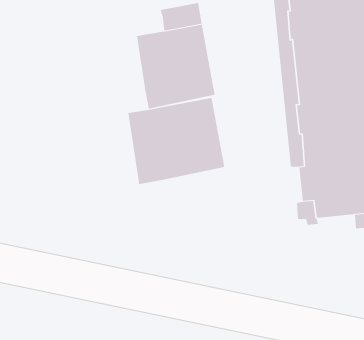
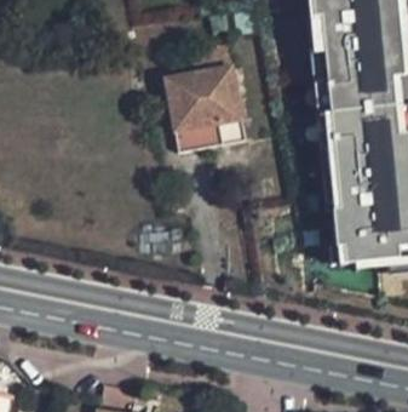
building: [128,97,225,185] -> none

